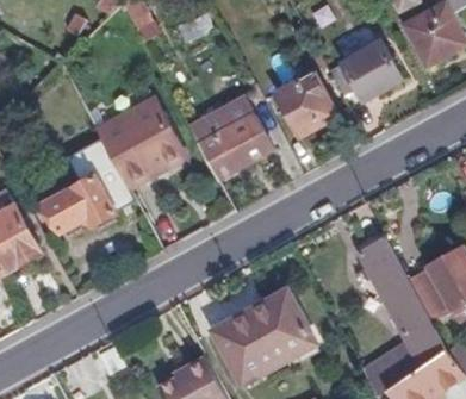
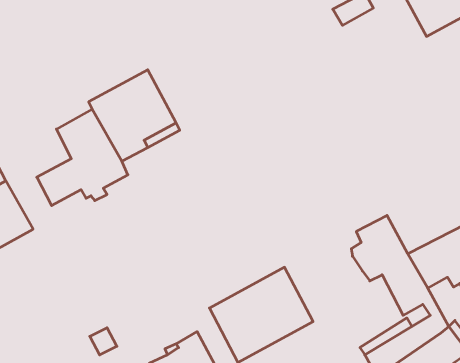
building: [330,42,404,101] -> none
building: [279,77,338,136] -> none
building: [191,98,273,177] -> none

